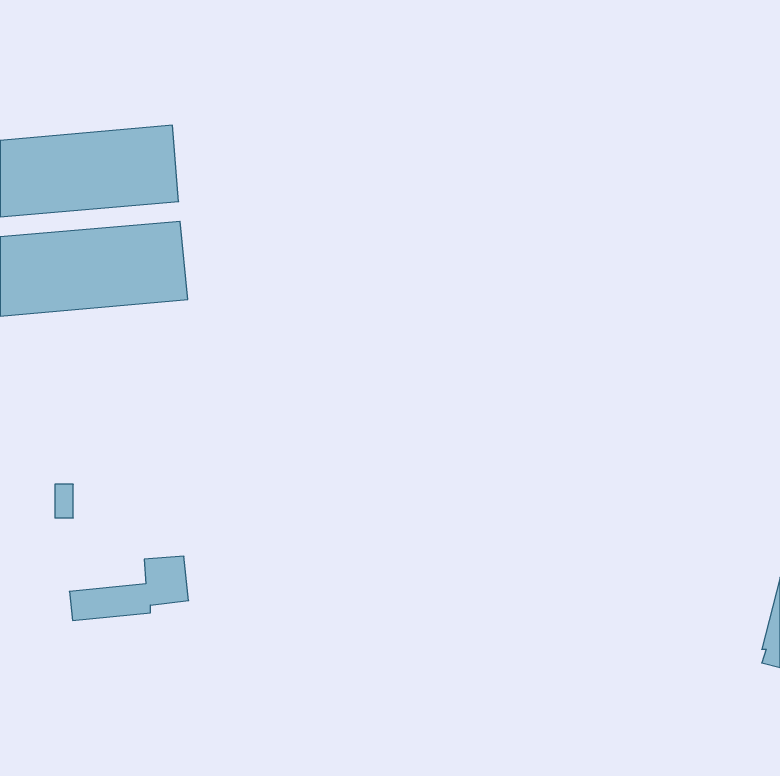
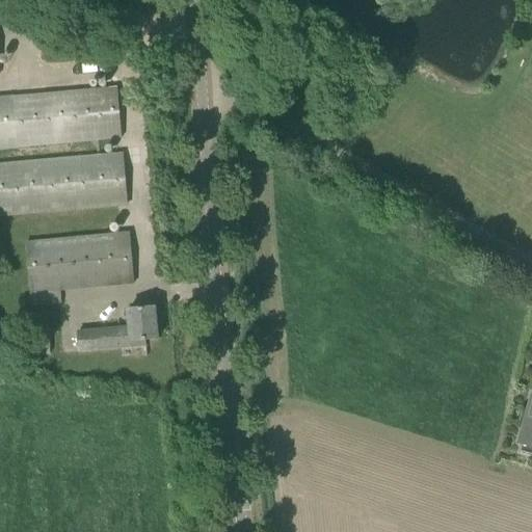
building: none -> [25,230,134,304]
building: [69,556,189,620] -> [77,307,158,350]

